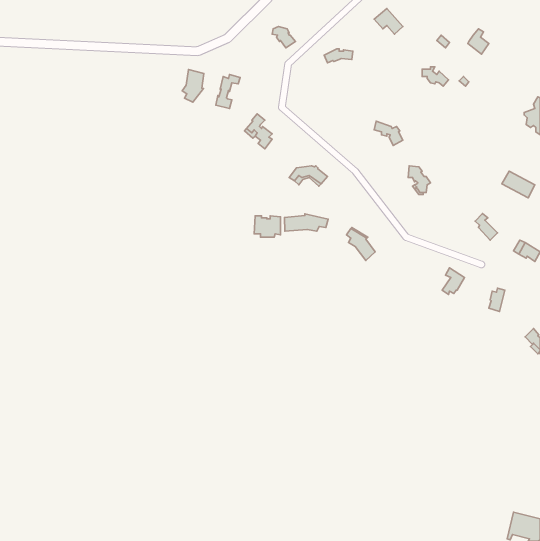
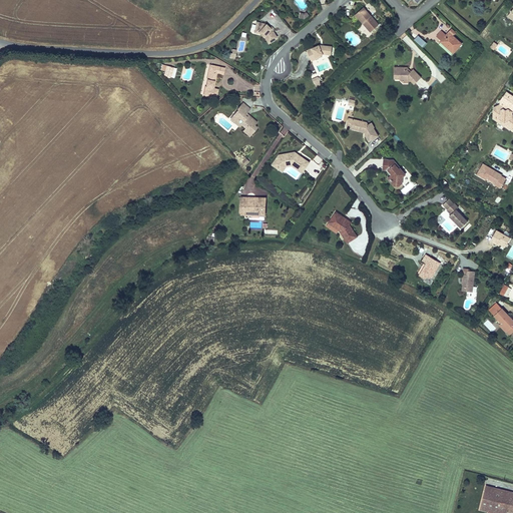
building: [182,69,204,102] -> none
building: [284,214,328,231] -> none

